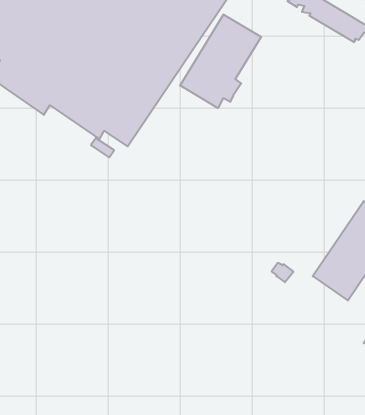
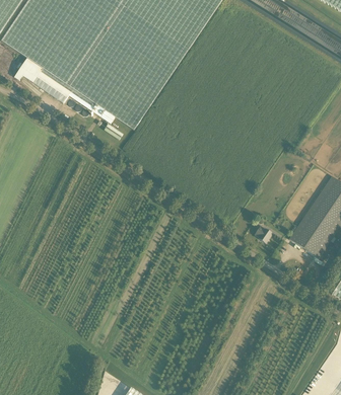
building: [180,14,261,108] -> none

